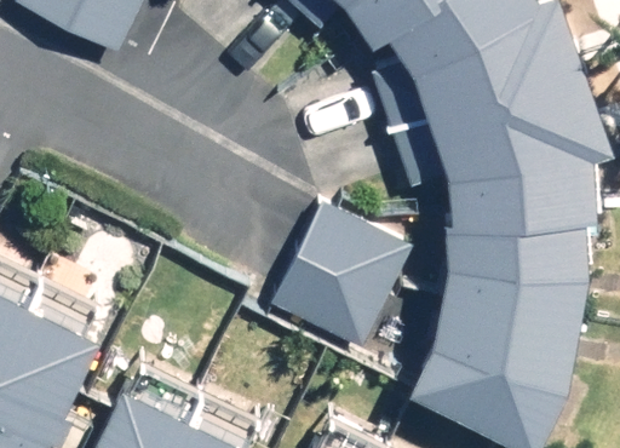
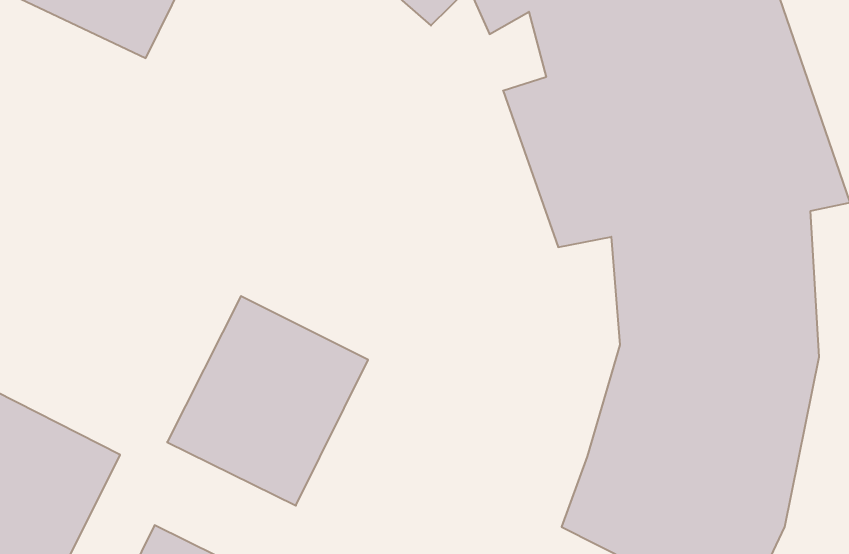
building: [272,205,414,352] -> [167,296,368,506]

